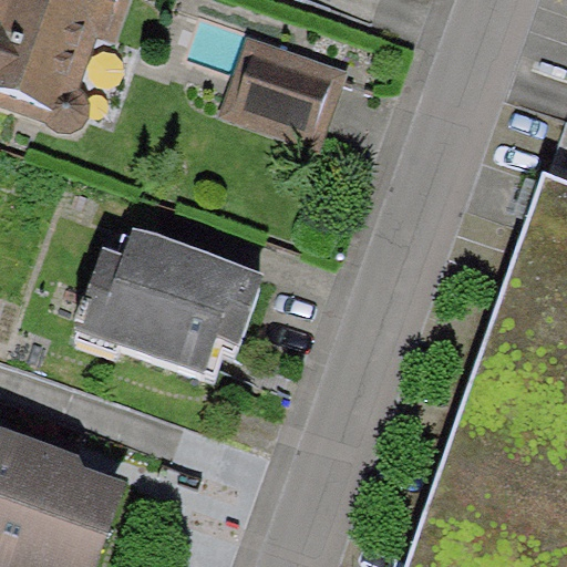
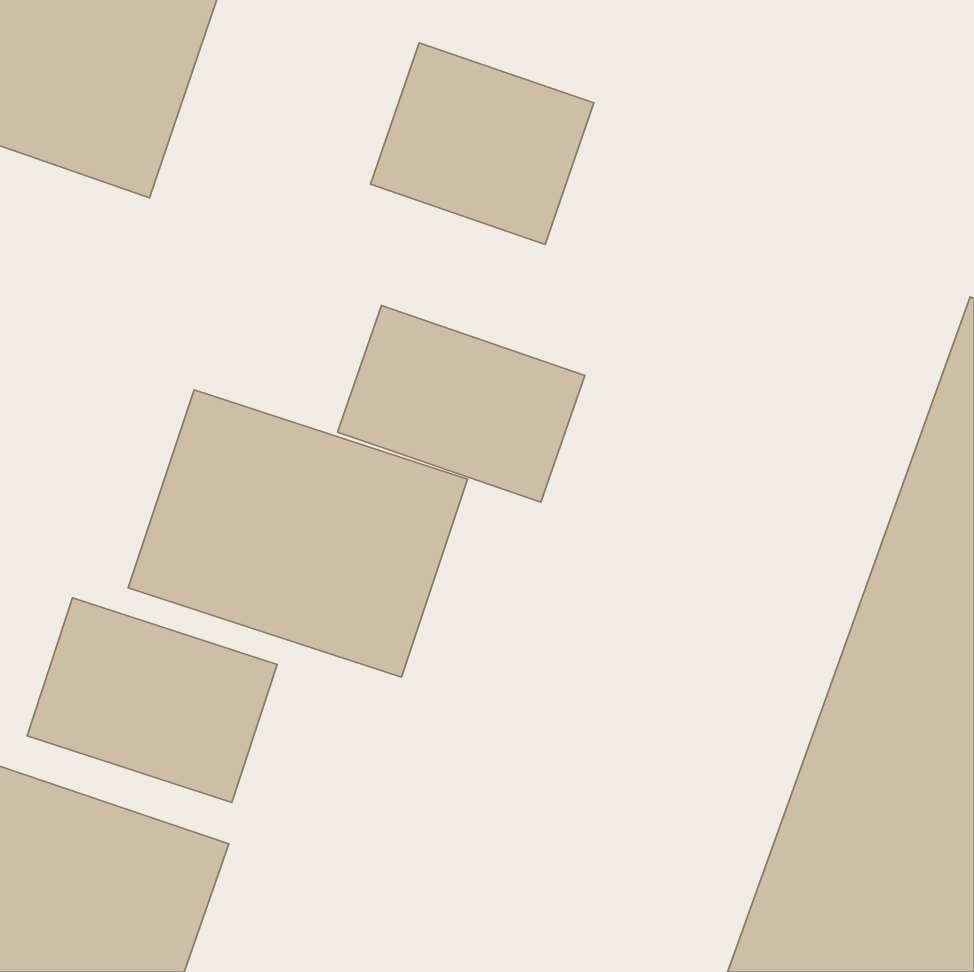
building: none -> [338,306,585,502]
building: none -> [27,598,277,803]

